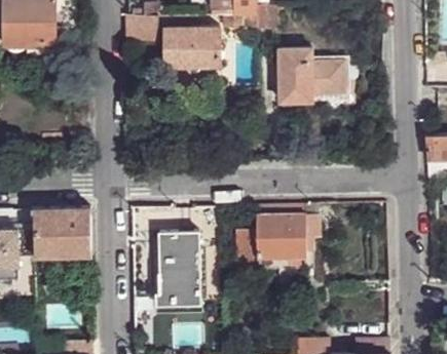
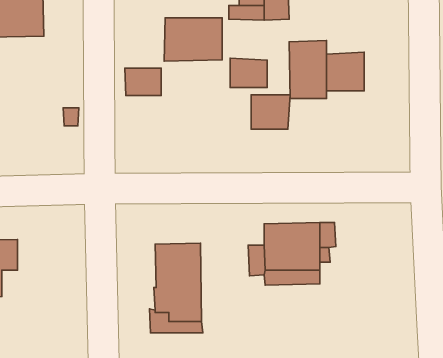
building: [126,16,159,41] -> [125,68,161,95]
building: none -> [230,58,267,87]
building: none -> [251,95,290,129]
building: [32,206,90,255] -> none

